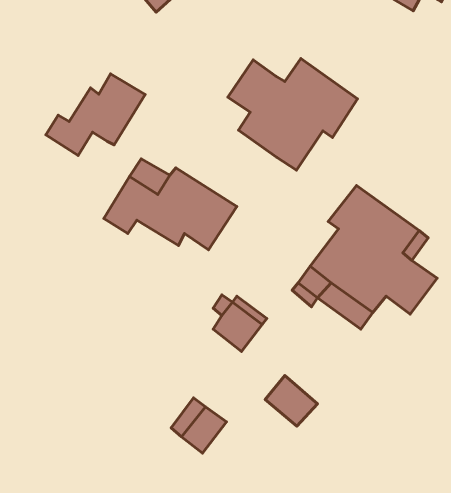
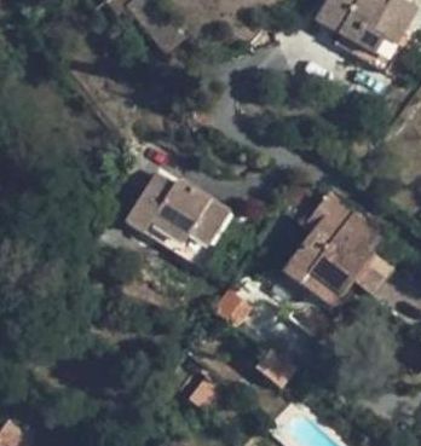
building: [228,59,358,170] -> none
building: [46,74,145,155] -> none

